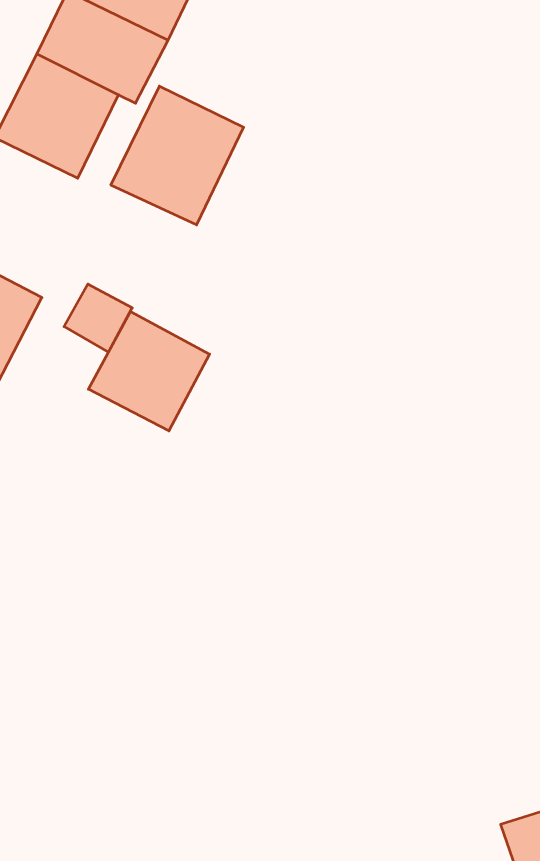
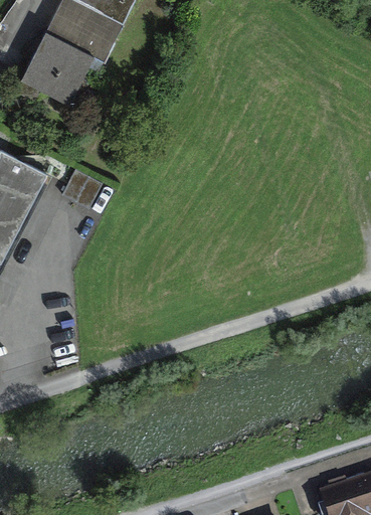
building: [111,86,244,225] -> none
building: [88,311,210,431] -> none

